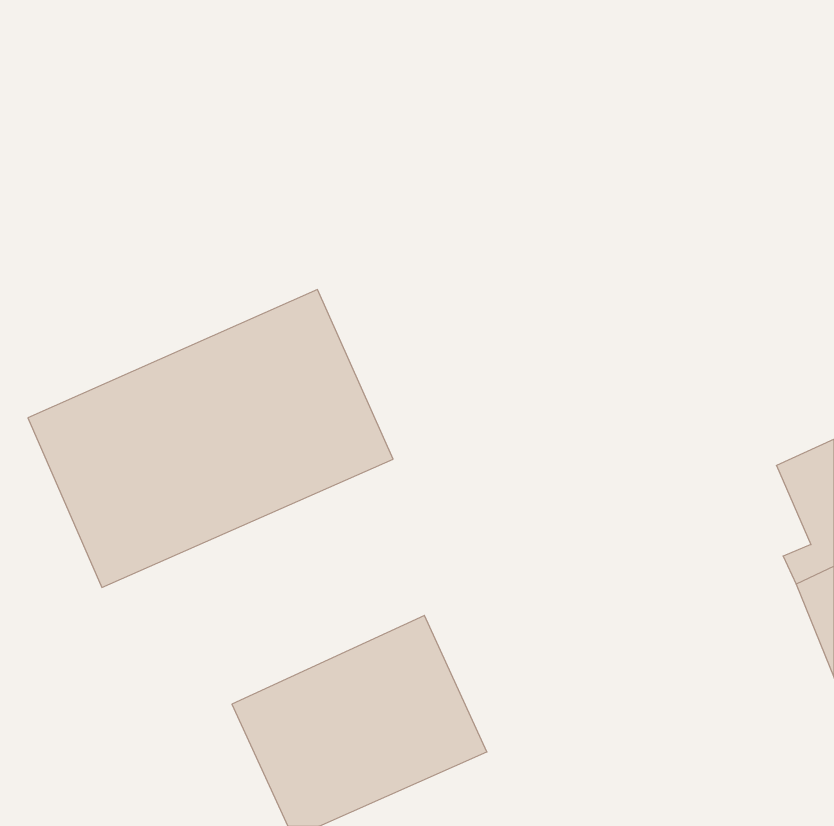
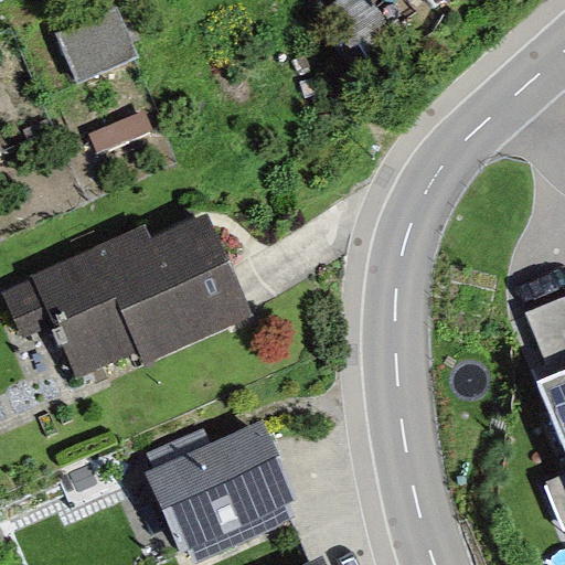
building: none -> [52,6,136,84]

